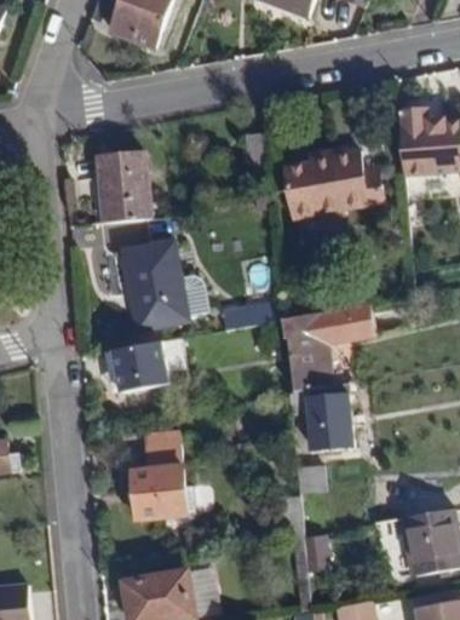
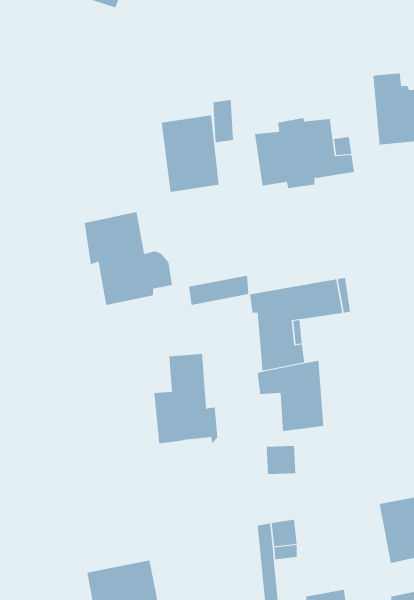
building: [96,150,151,224] -> [161,115,219,192]
building: [114,341,167,390] -> none
building: [131,434,192,521] -> [153,354,218,445]

